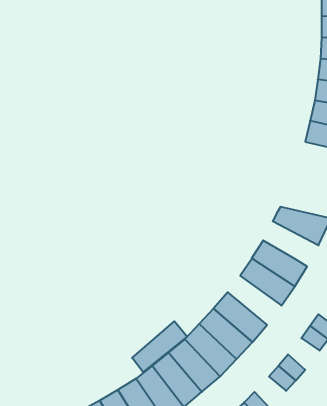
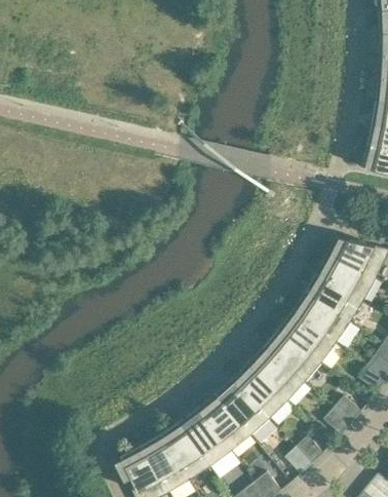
building: none -> [317,253,377,301]
building: none -> [279,311,337,364]
building: [132,321,187,373] -> none

